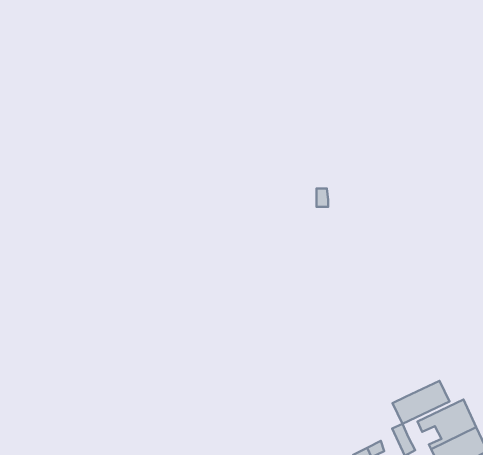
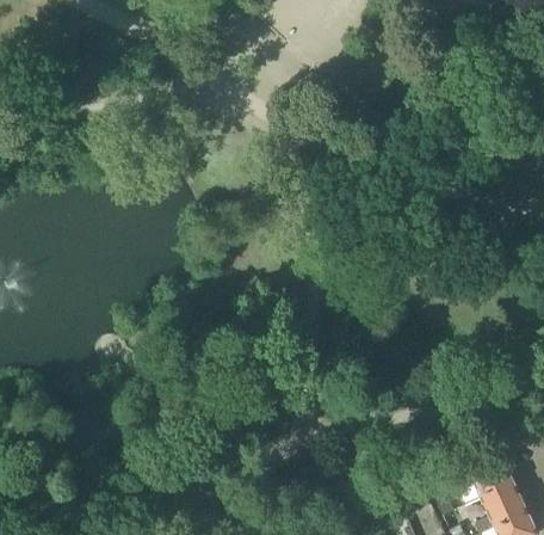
building: [393,381,450,424] -> none

